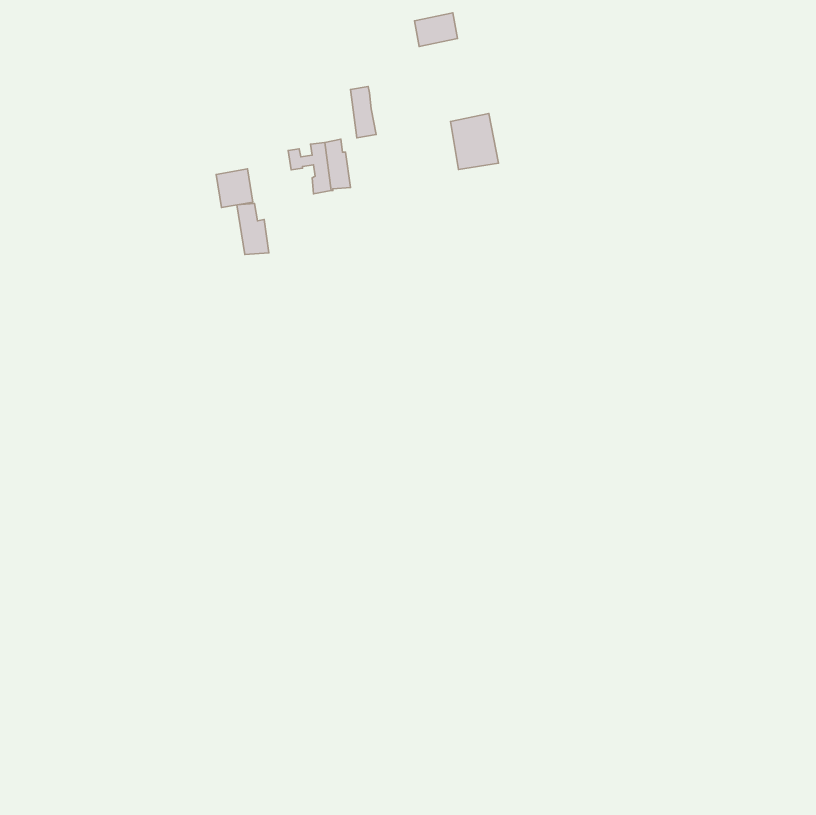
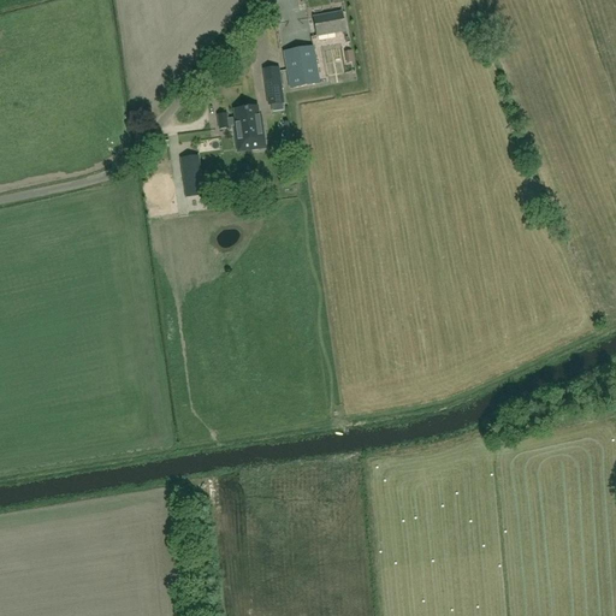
building: [450,113,498,169] -> [283,45,319,87]
building: [216,169,253,208] -> none

